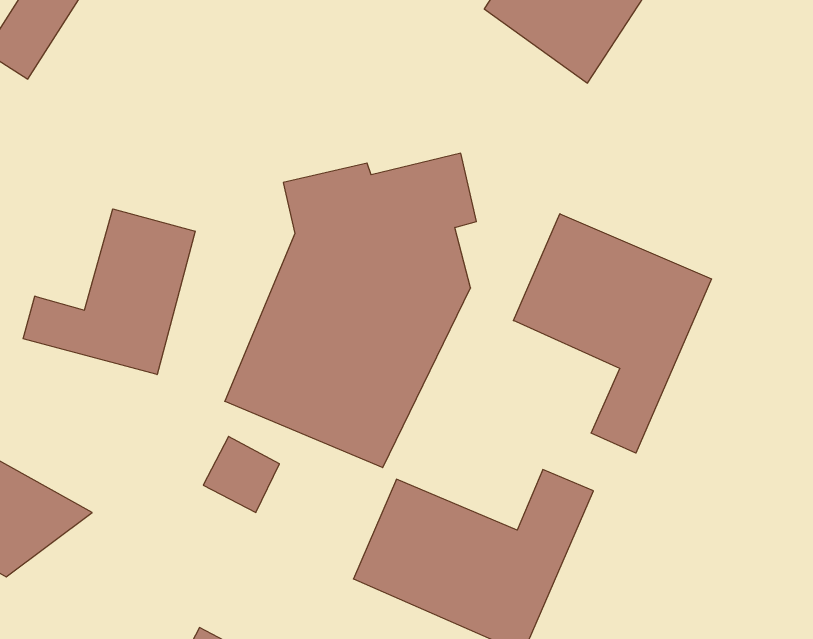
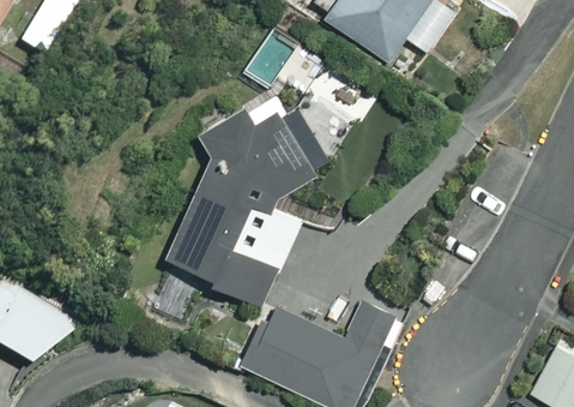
building: [23,209,195,375] -> none
building: [513,214,711,453] -> none

